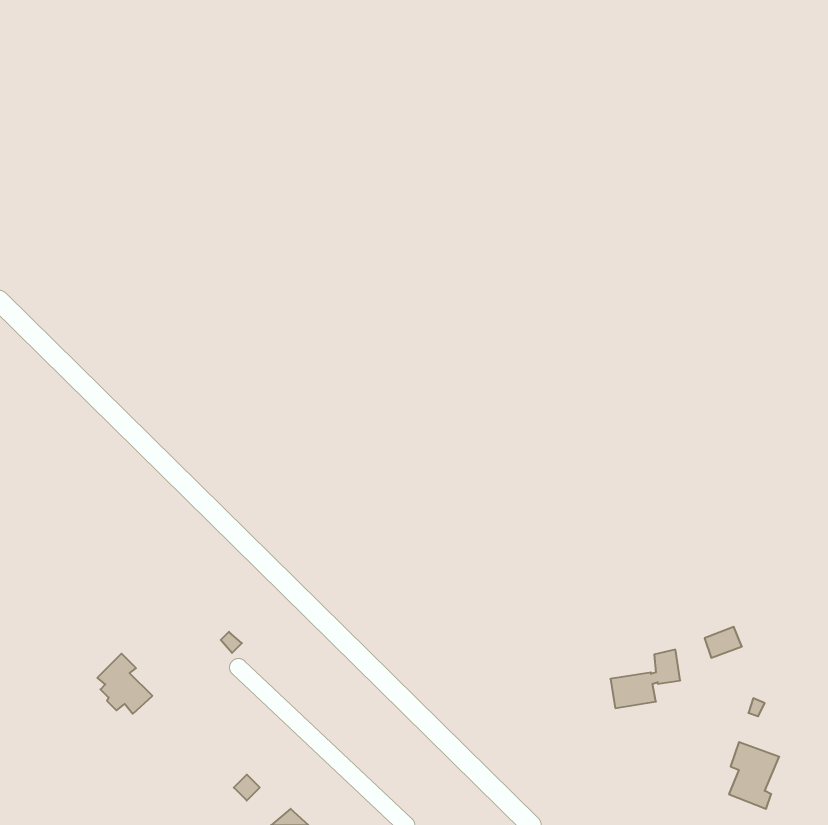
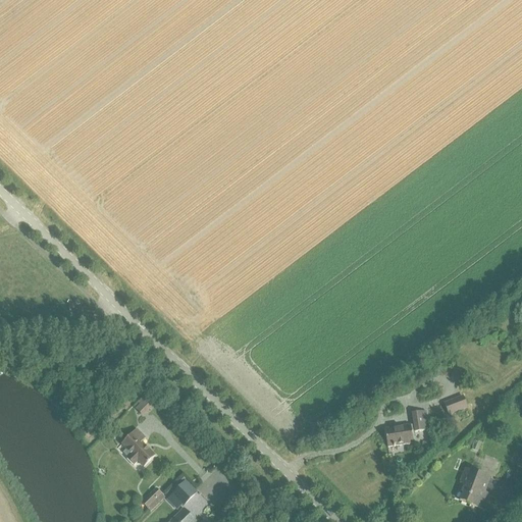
building: [97,654,152,714] -> [119,427,154,465]
building: none -> [165,478,197,508]

